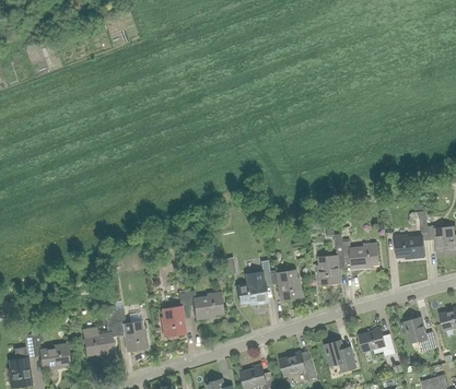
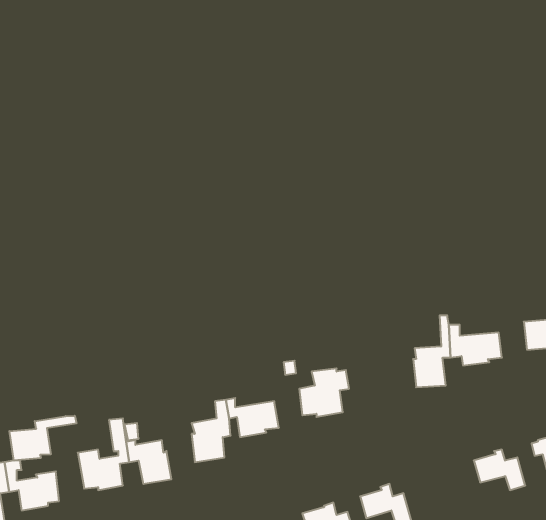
building: [270,270,302,299] -> none
building: none -> [9,416,76,461]
building: [325,340,356,372] -> none

